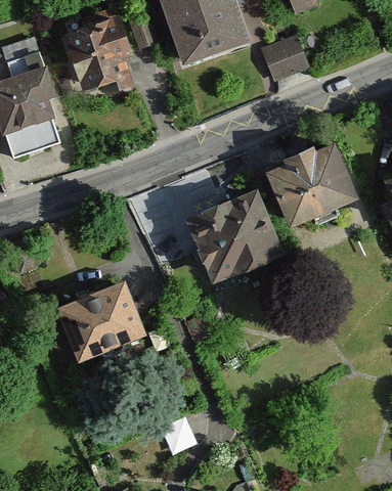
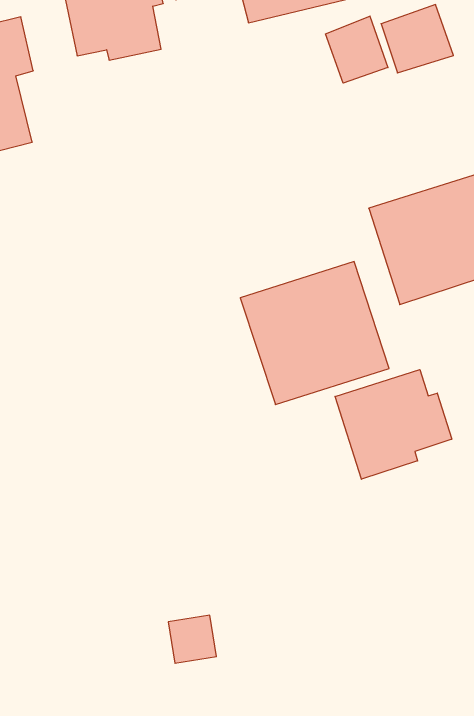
building: none -> [325,16,388,83]
building: none -> [335,370,452,479]
building: [57,277,140,357] -> none

